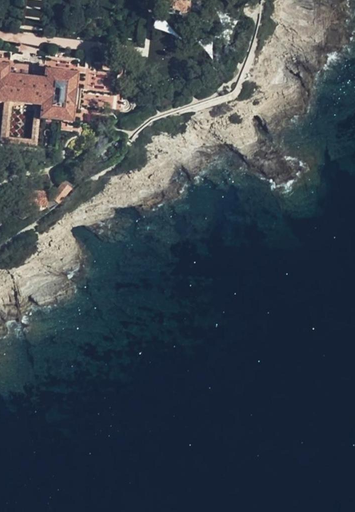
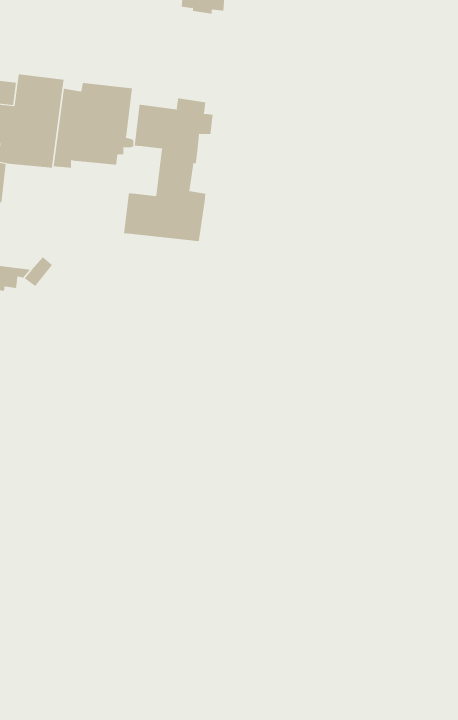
building: none -> [124,97,213,242]

